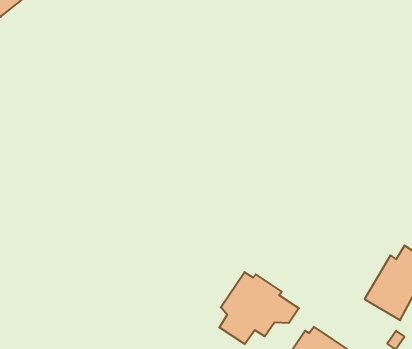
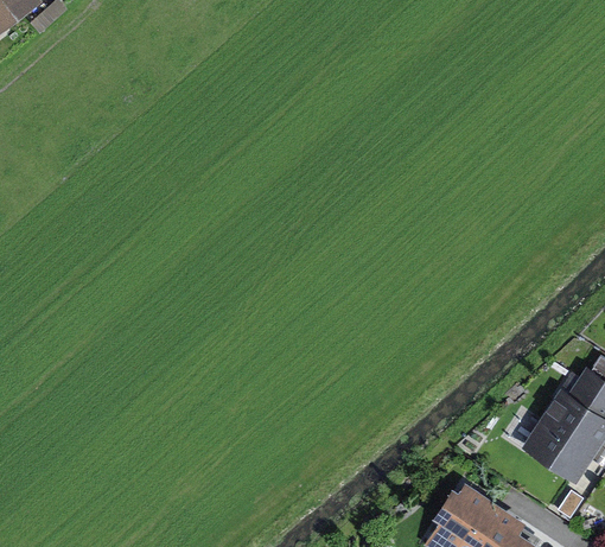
building: [219,272,299,344] -> none

